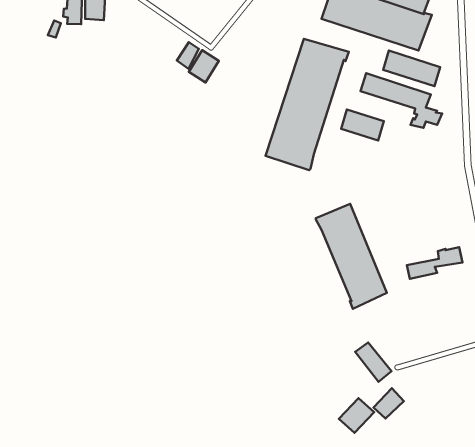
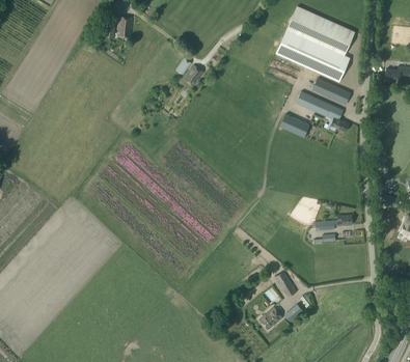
building: [265,39,349,170] -> none
building: [316,204,387,309] -> none

